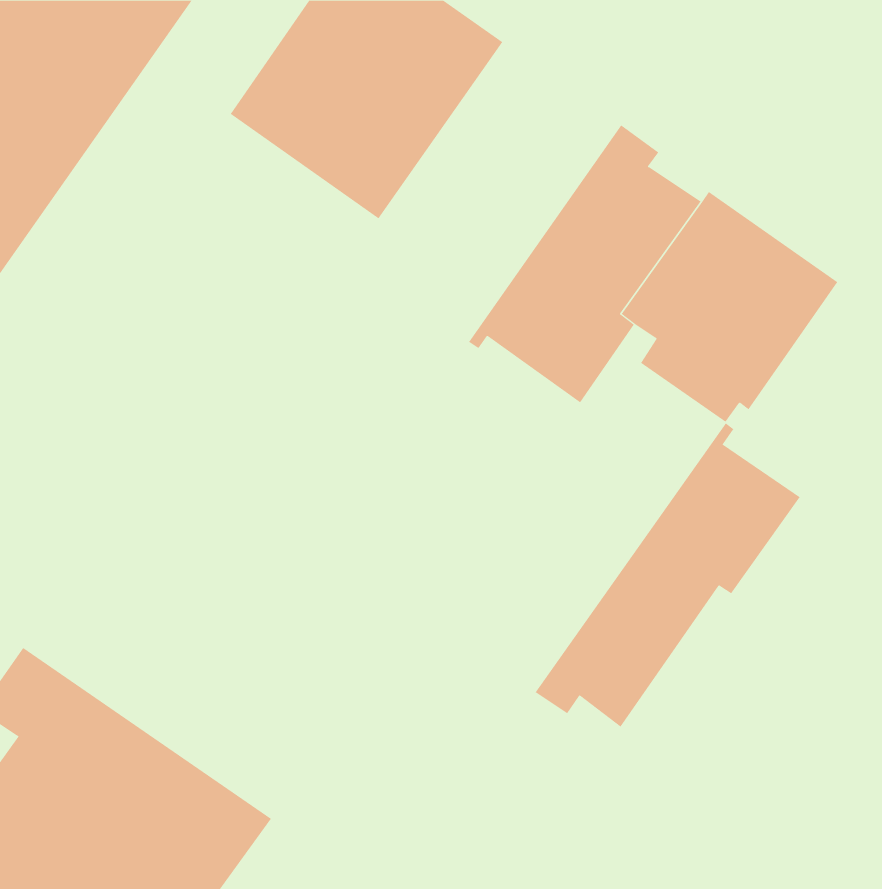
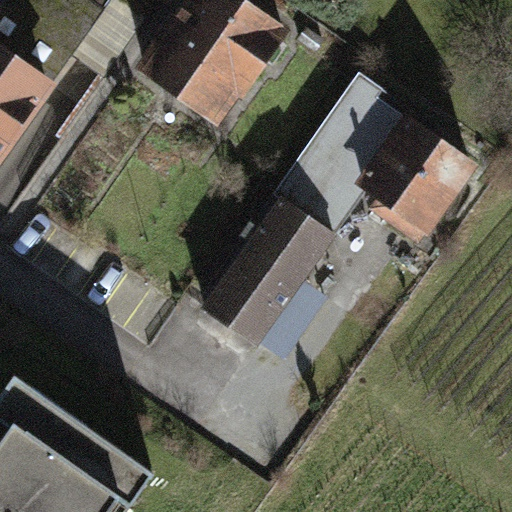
building: none -> [198,196,334,364]
building: [535,423,800,728] -> none

